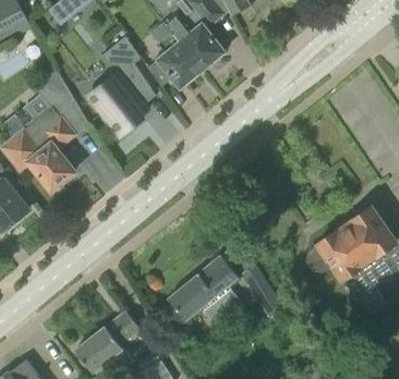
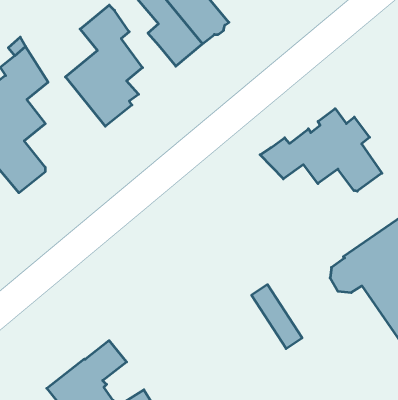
building: none -> [260,109,382,191]
building: [167,255,245,329] -> none

